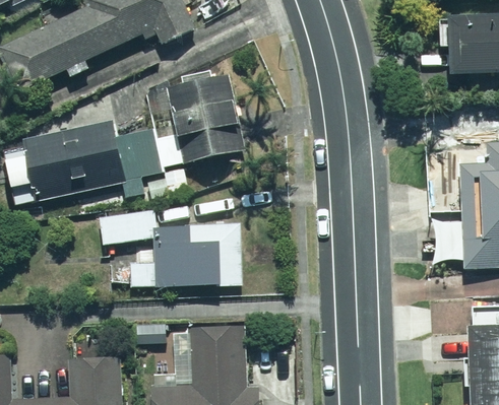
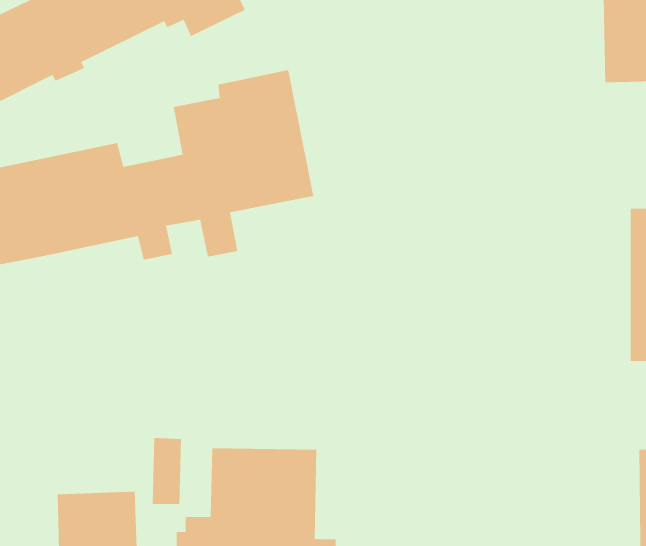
building: [98,212,244,286] -> none

